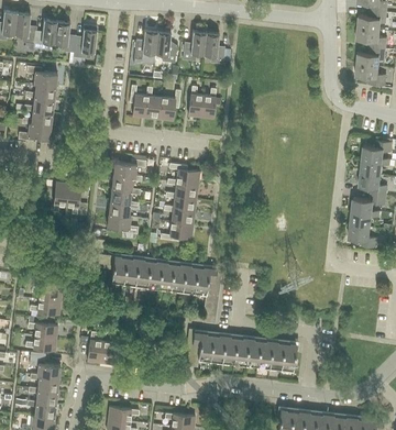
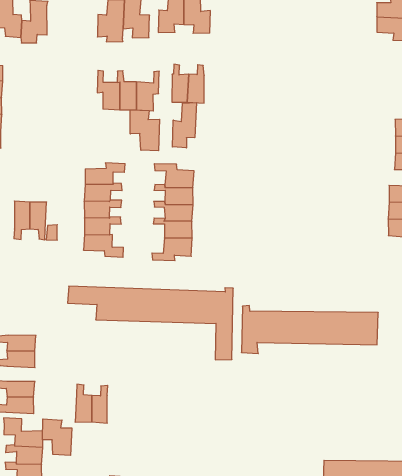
building: none -> [172,103,196,148]
building: none -> [130,110,159,151]
building: [185,329,296,370] -> [241,306,378,354]
building: none -> [43,419,72,455]

